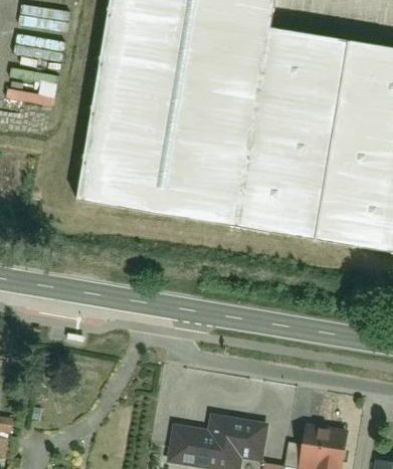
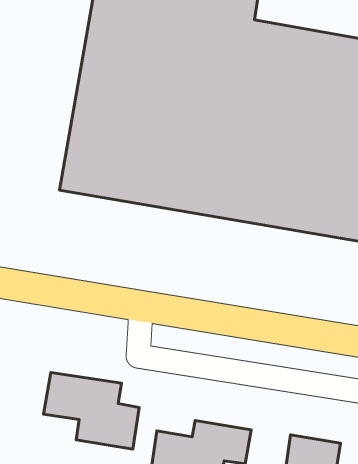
building: none -> [43,373,139,449]

